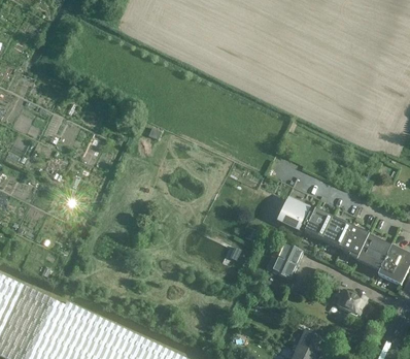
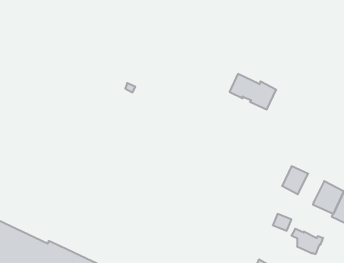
building: [282,201,334,240] -> [230,74,276,109]
building: [341,227,370,258] -> none
building: [267,240,304,280] -> none

